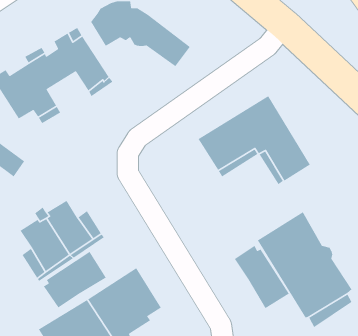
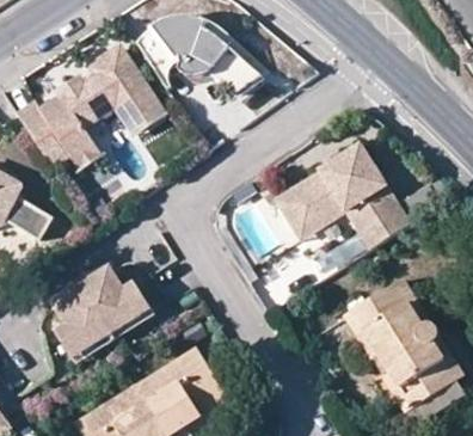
building: [234,245,290,309] -> none
building: [43,251,107,309] -> none

